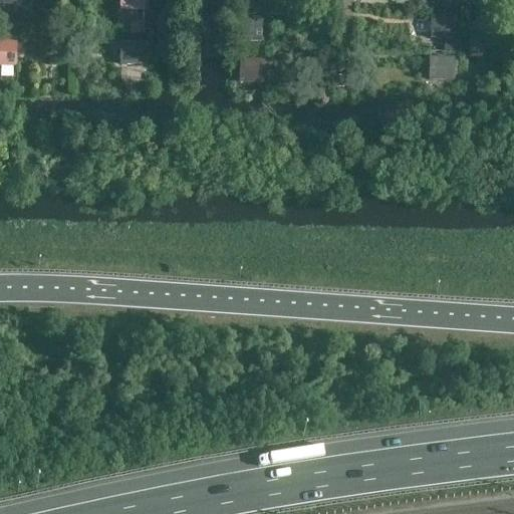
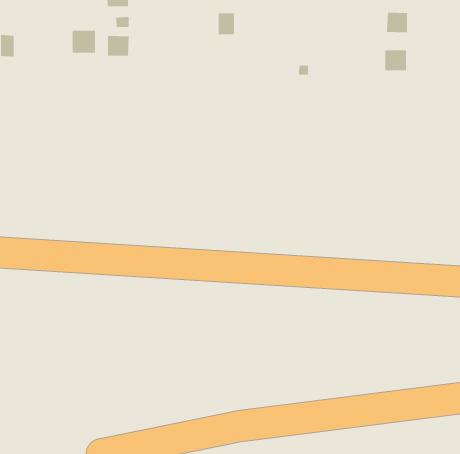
building: none -> [72,30,96,54]
building: [239,55,264,80] -> none

